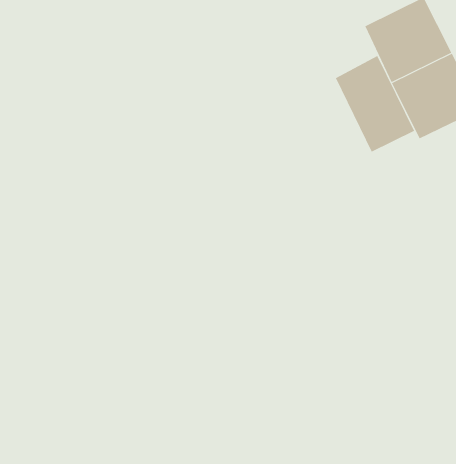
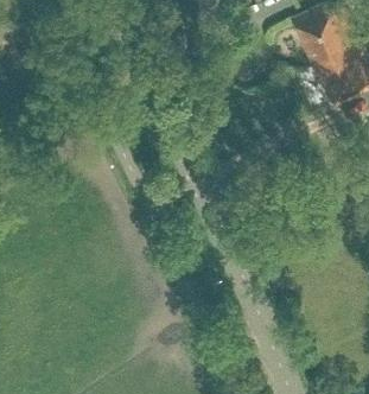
building: [335,55,415,152] -> none

